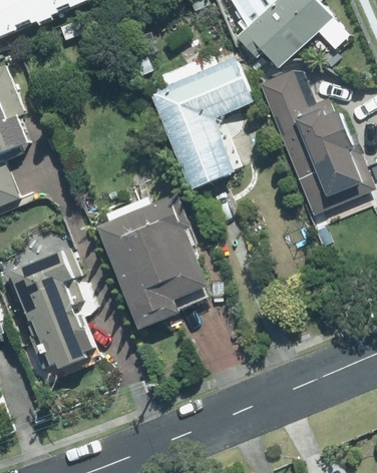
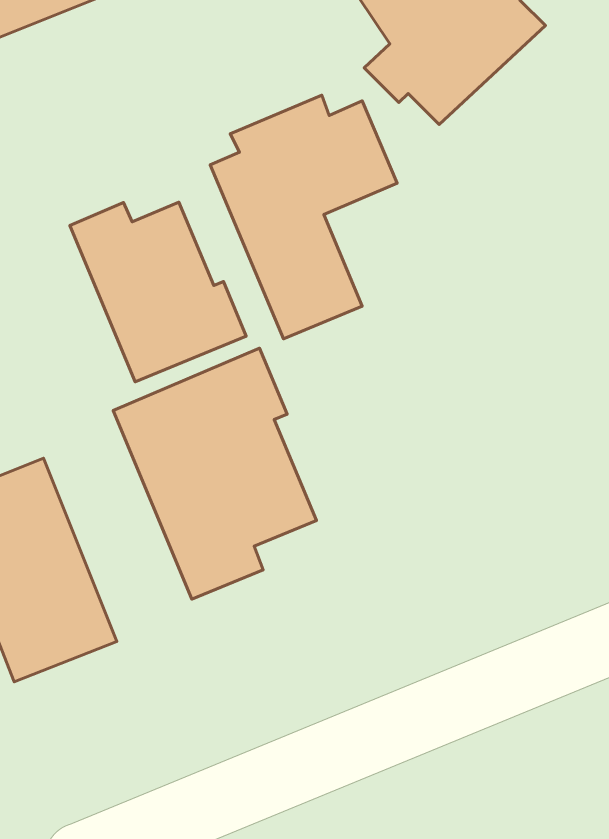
building: [258,64,363,214] -> none
building: none -> [70,202,246,382]

